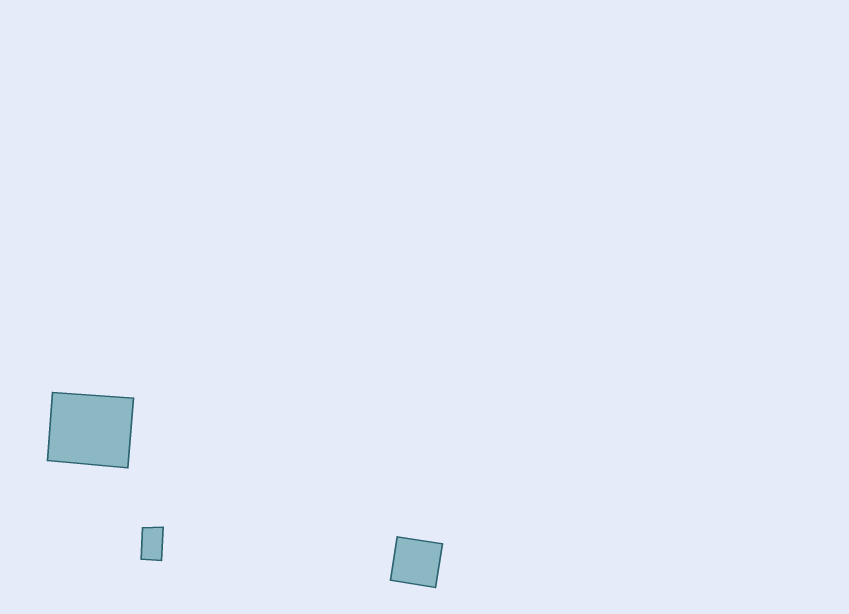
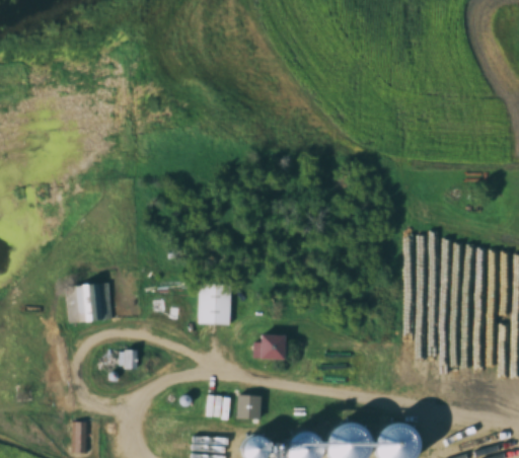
building: none -> [199,283,231,324]

